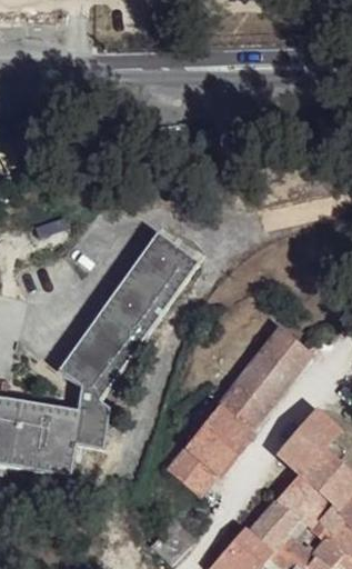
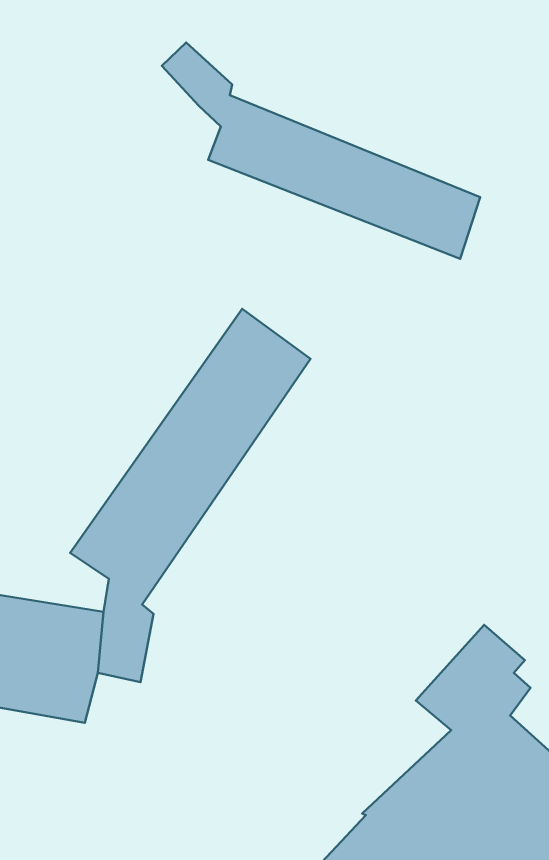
building: none -> [162,43,480,259]
building: [163,333,302,491] -> none

